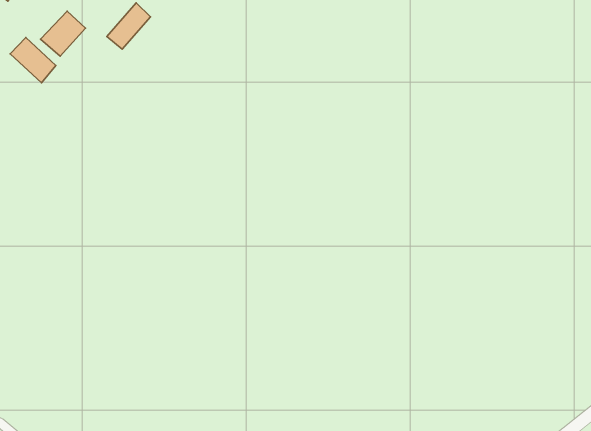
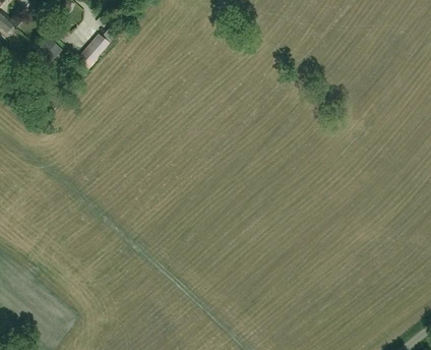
building: [10,38,56,83] -> none

